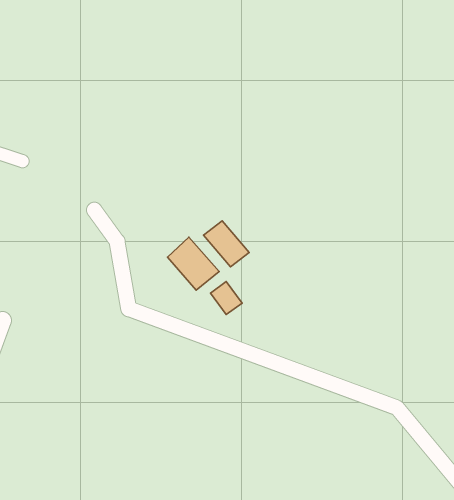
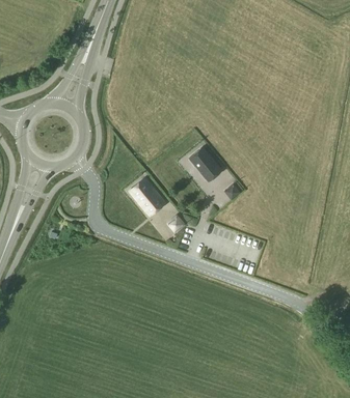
building: [203,221,249,267] -> [189,149,222,182]

